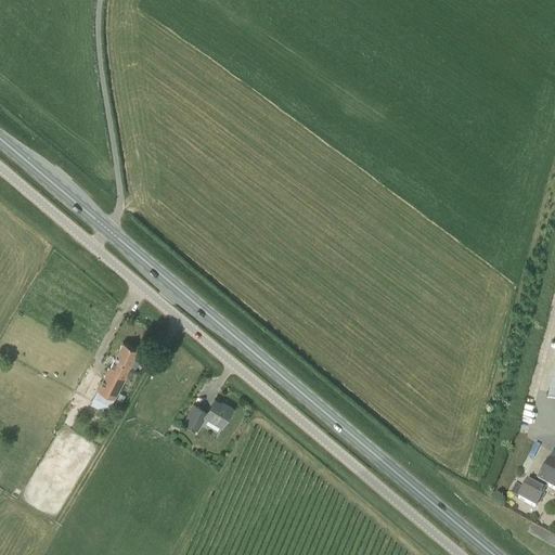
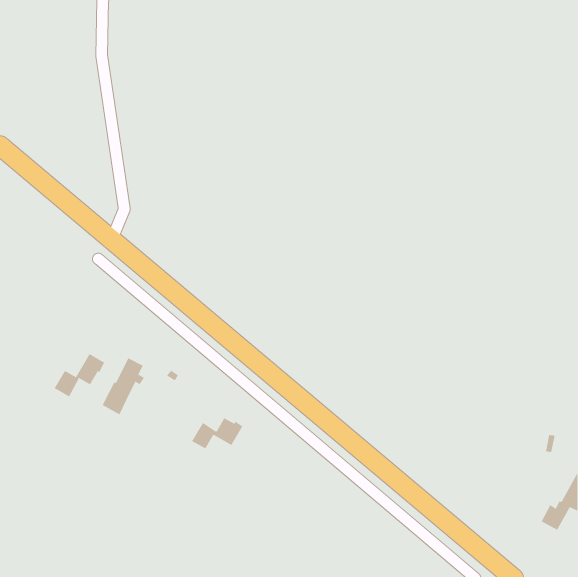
building: none -> [54,353,105,397]

